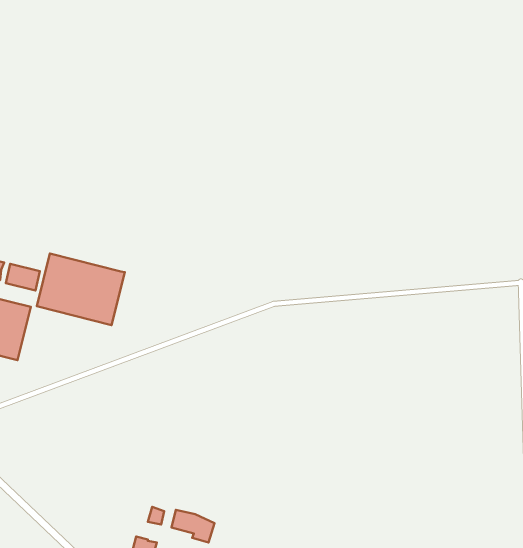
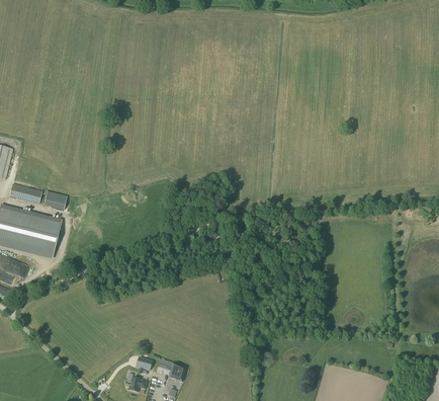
building: [37,253,125,325] -> none

